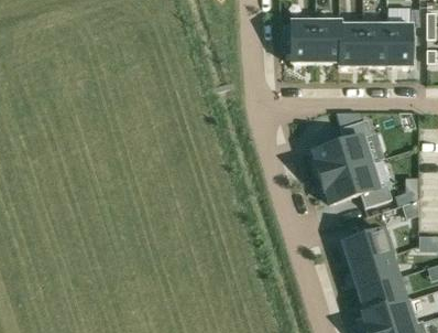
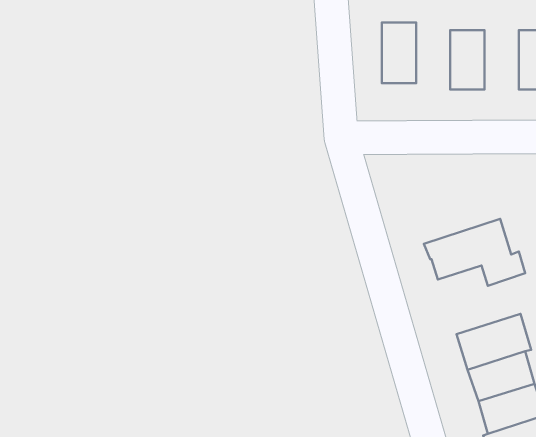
building: [315,19,339,62] -> none
building: [363,24,387,66] -> none
building: [314,116,374,175] -> none

